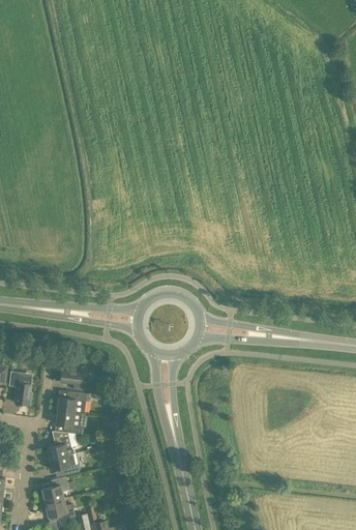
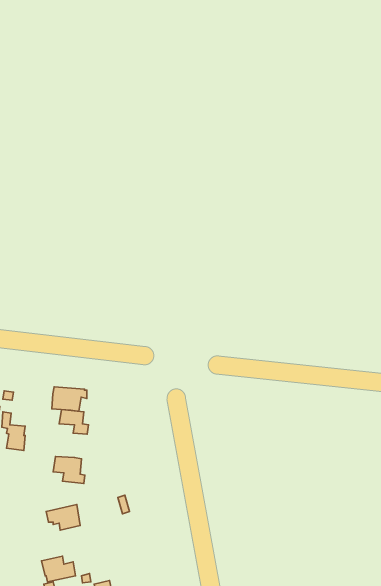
building: [57,391,88,413] -> [52,387,87,411]
building: [47,435,76,460] -> none
building: [41,476,69,503] -> none

